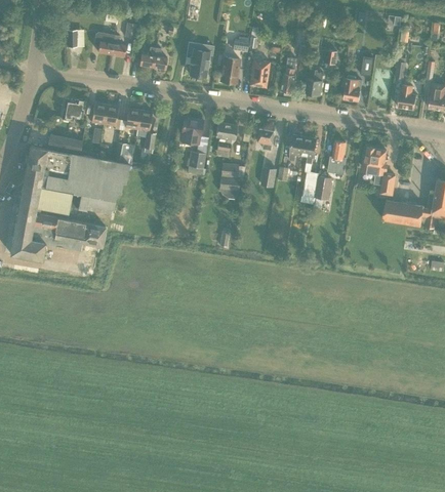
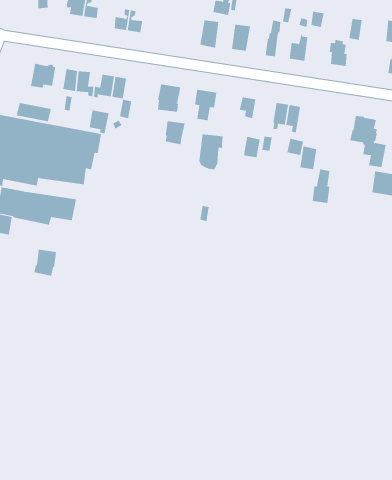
building: [189,43,213,77] -> none
building: [328,140,346,173] -> [312,169,330,203]
building: none -> [34,249,56,277]

